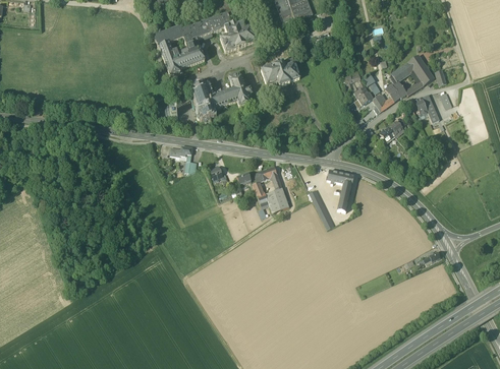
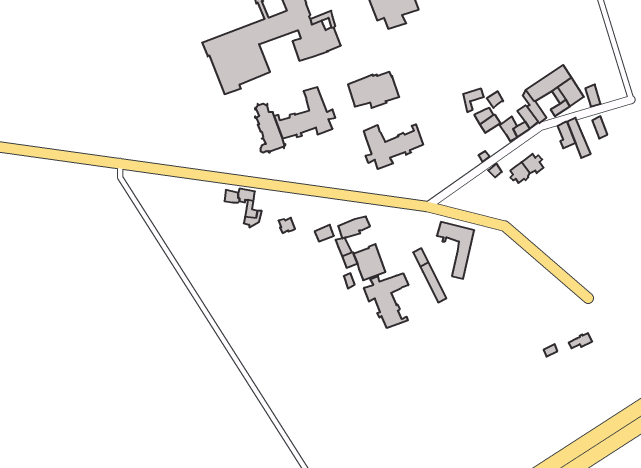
building: none -> [364,124,423,169]
building: none -> [364,273,408,328]

